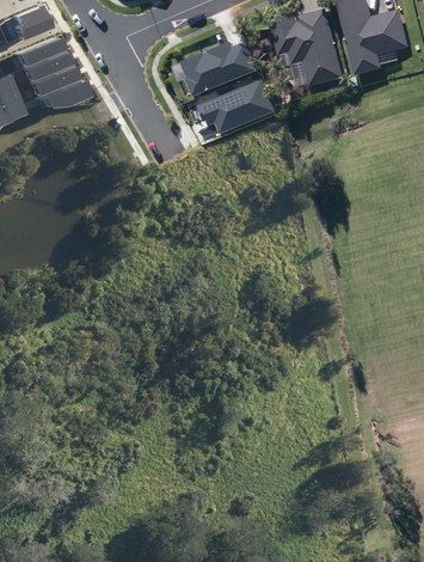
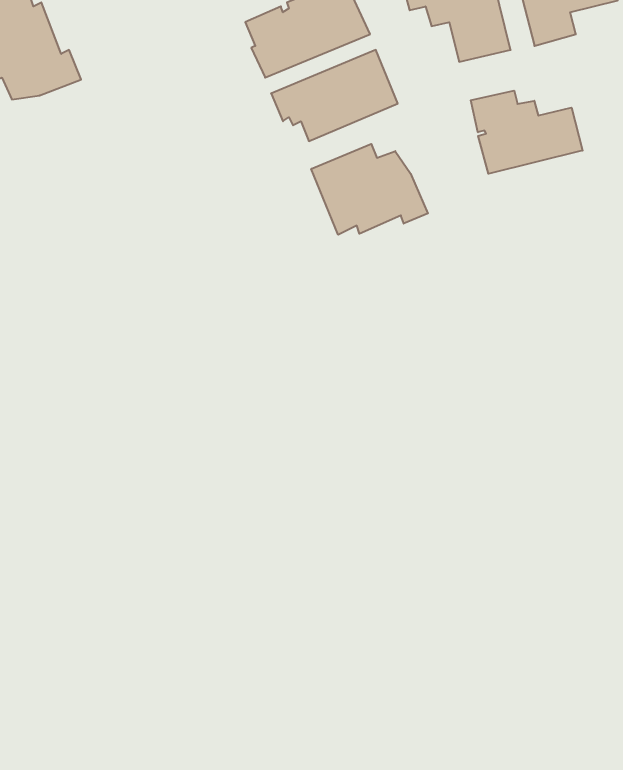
building: none -> [471,91,583,174]
building: none -> [311,144,428,235]

